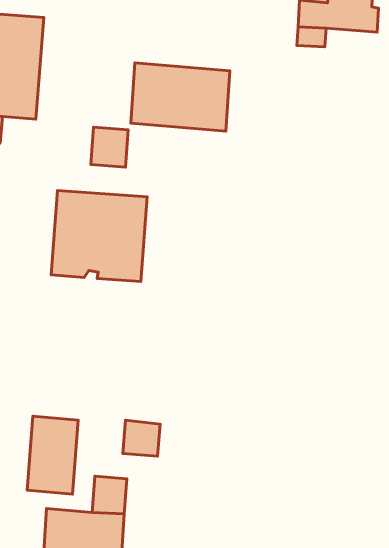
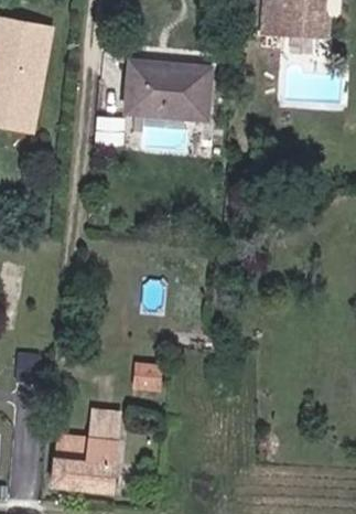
building: [51,190,147,281] -> none
building: [27,416,78,494] -> none

